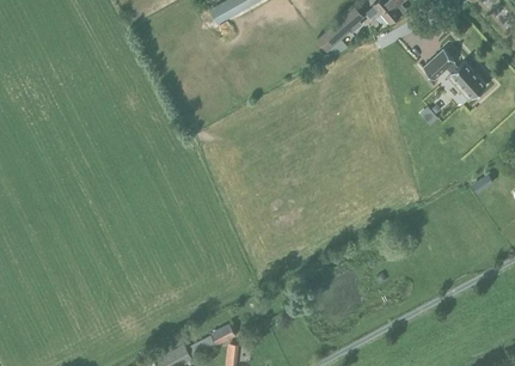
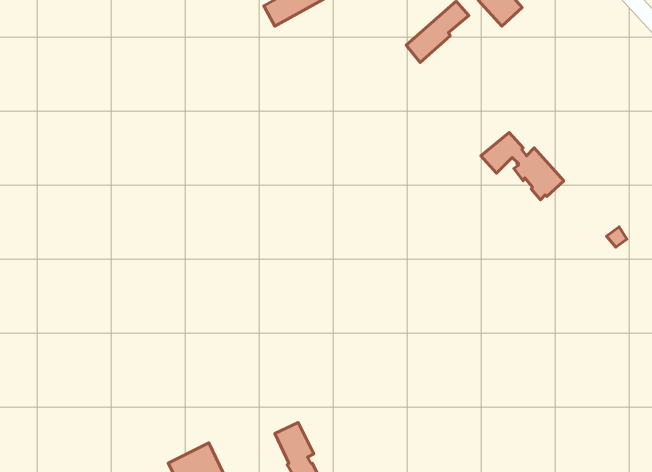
building: [423,49,486,100] -> [481,132,564,200]

